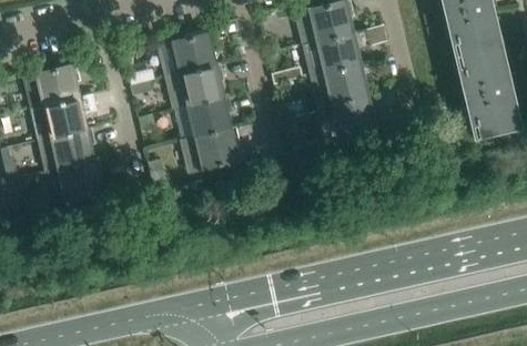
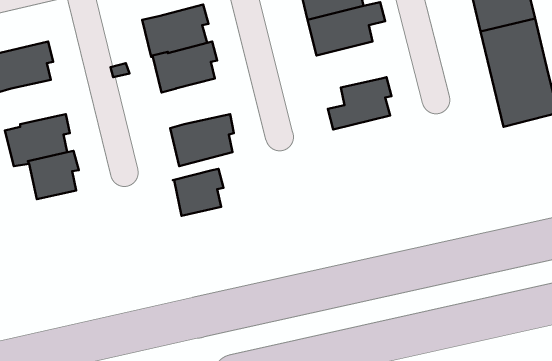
building: [311,61,377,108] -> none
building: [188,95,232,136] -> [173,169,224,216]
building: [44,96,88,136] -> none

